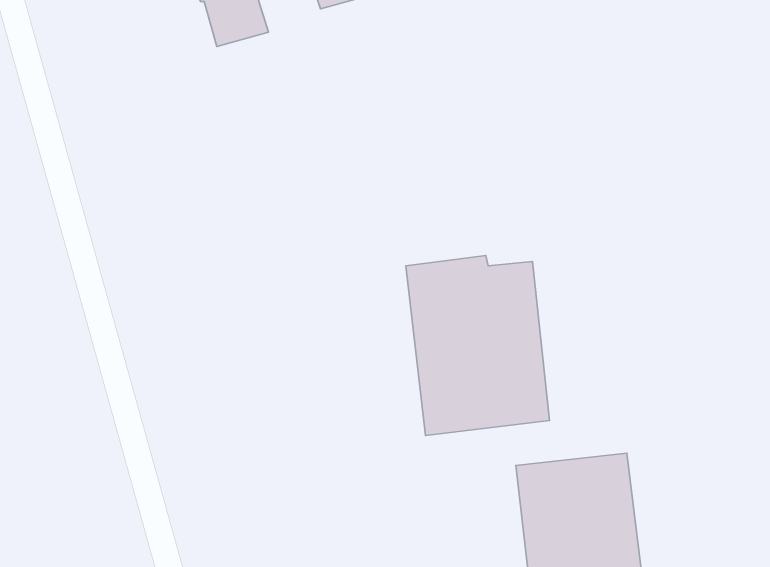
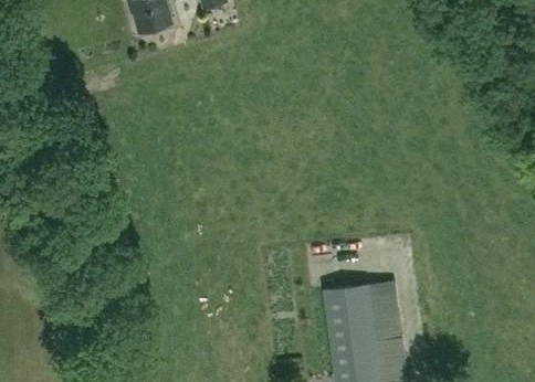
building: [406,255,550,435] -> none

